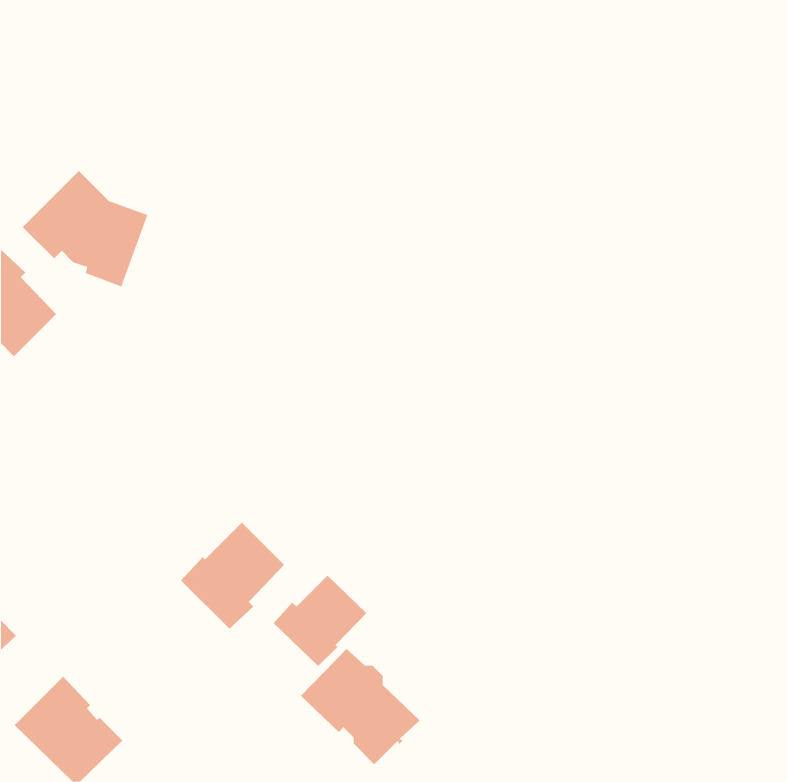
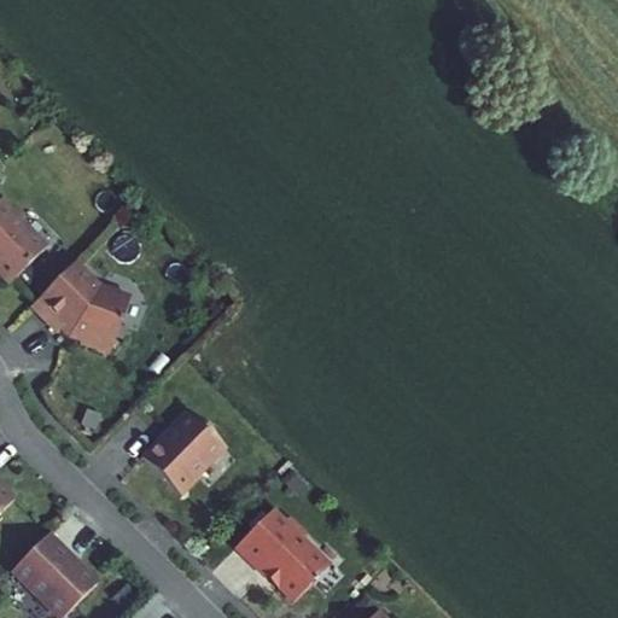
building: [22,170,148,287] -> [30,261,129,352]
building: [273,575,367,667] -> none

